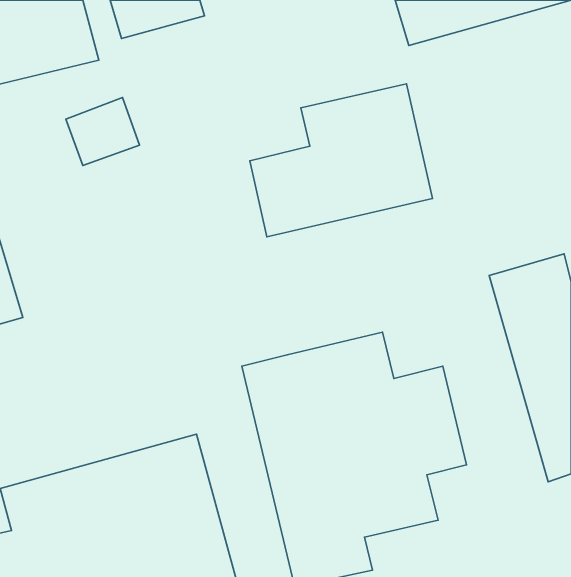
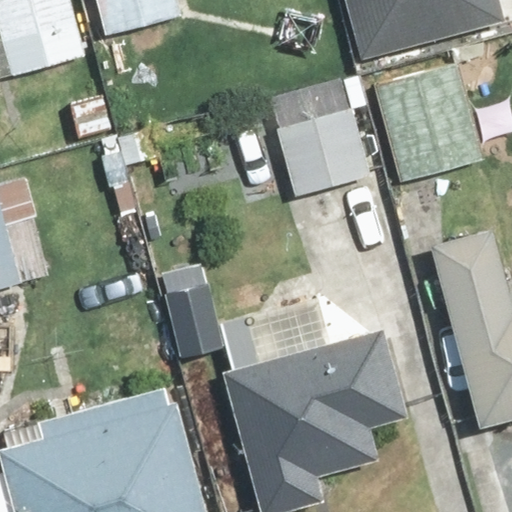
building: none -> [367,59,479,187]

